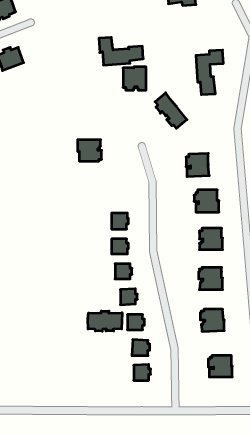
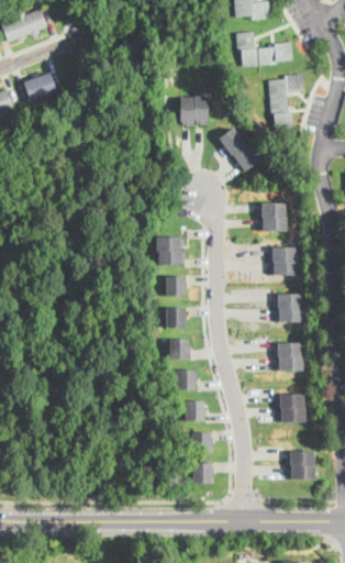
building: [99,37,143,65] -> [237,33,292,67]
building: [78,140,102,161] -> [155,238,185,264]
building: [88,311,122,331] -> none

